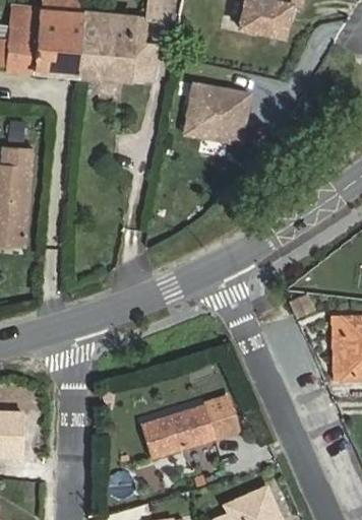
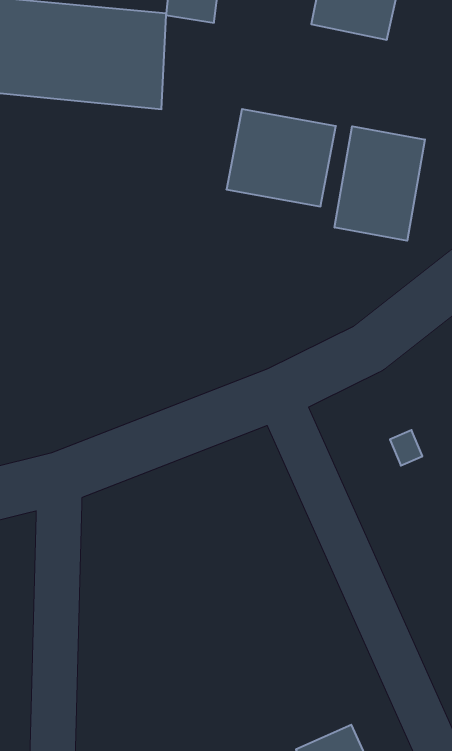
building: none -> [335,126,425,241]
building: [142,400,231,454] -> none

